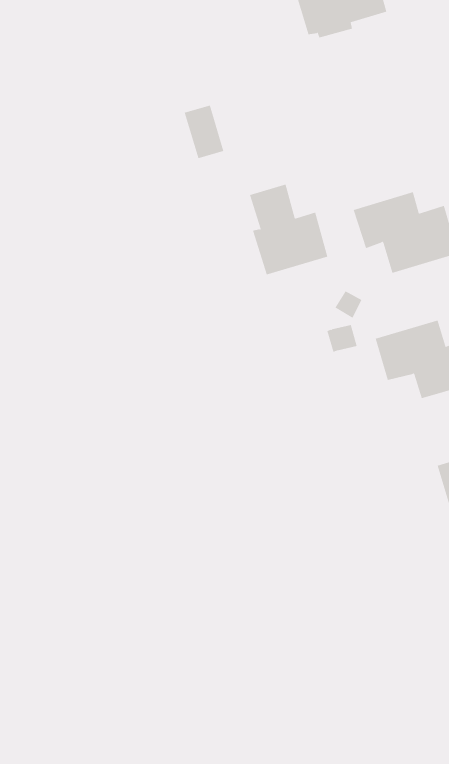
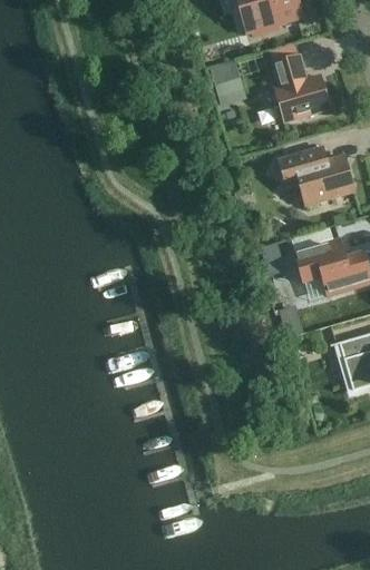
building: [184,105,224,159] -> [213,62,242,101]
building: [249,184,328,275] -> [272,55,329,120]

